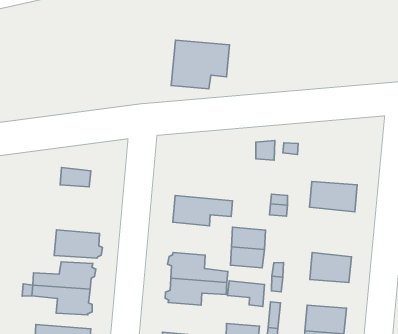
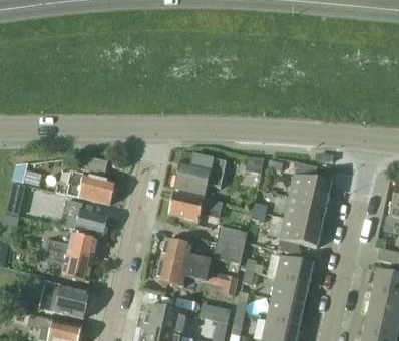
building: [171,40,229,89] -> [173,150,227,195]
building: none -> [289,173,331,203]
building: none -> [55,170,115,203]
building: none -> [279,216,321,246]
building: none -> [271,276,308,304]

